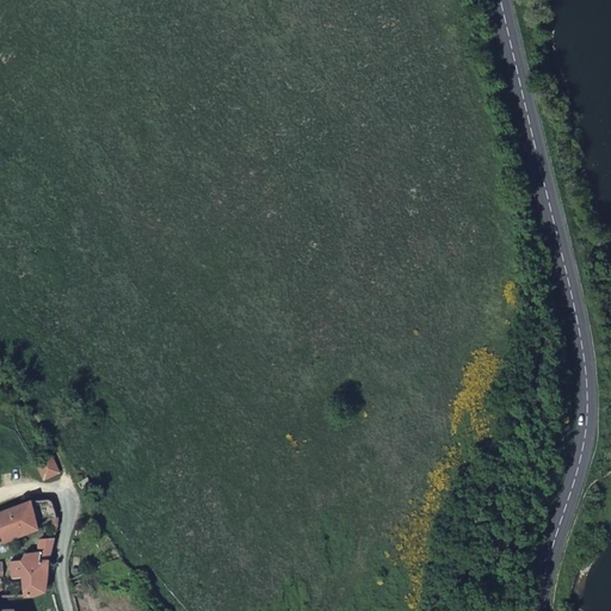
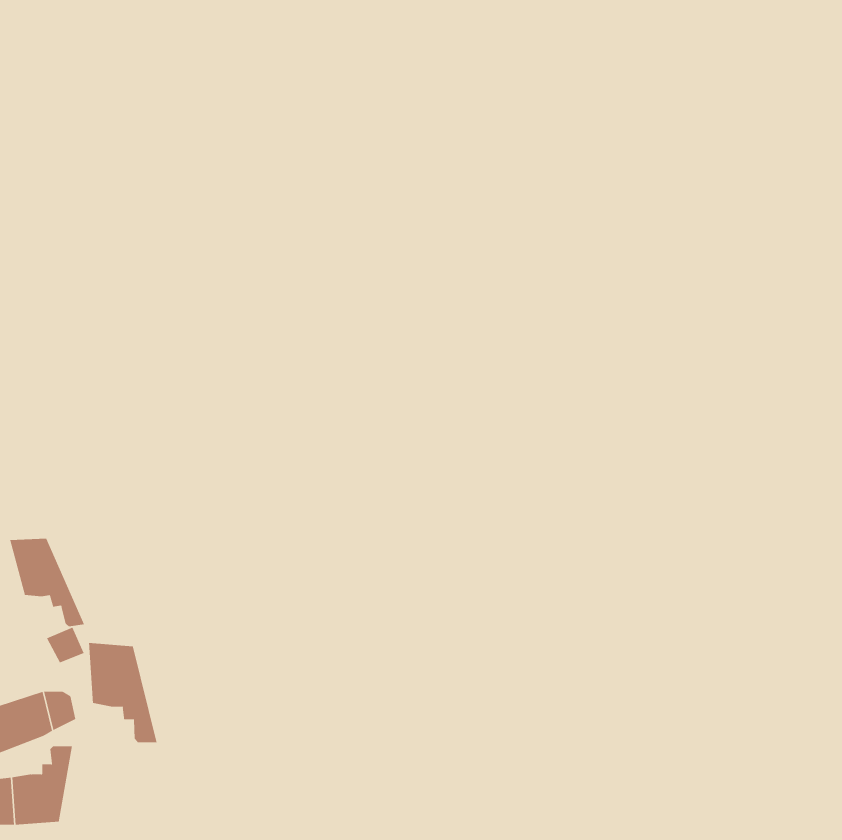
building: none -> [10,538,85,627]
building: none -> [89,642,157,743]

